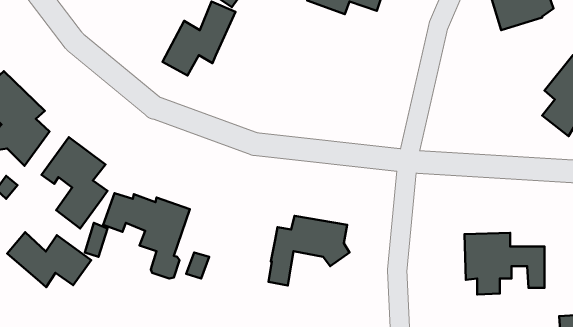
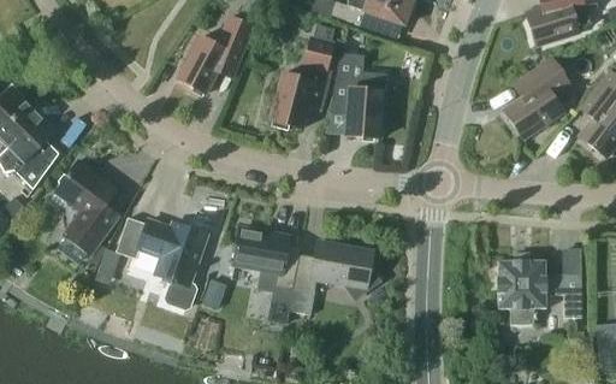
building: none -> [270,24,336,128]
building: none -> [503,58,569,137]
building: none -> [330,71,383,137]
building: none -> [233,226,297,320]
building: [7,232,91,287] -> none

